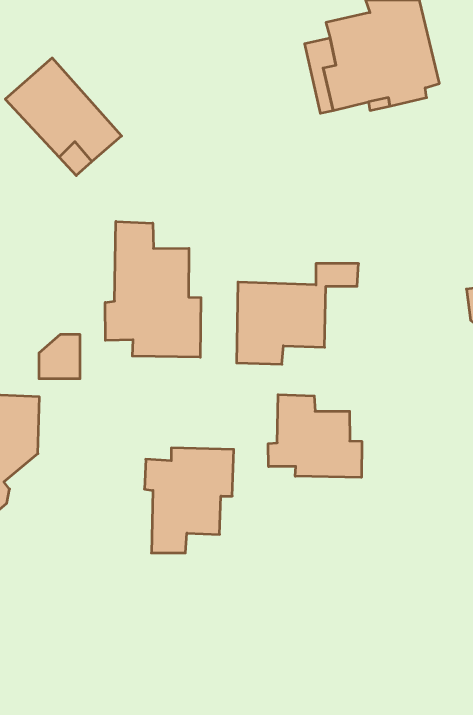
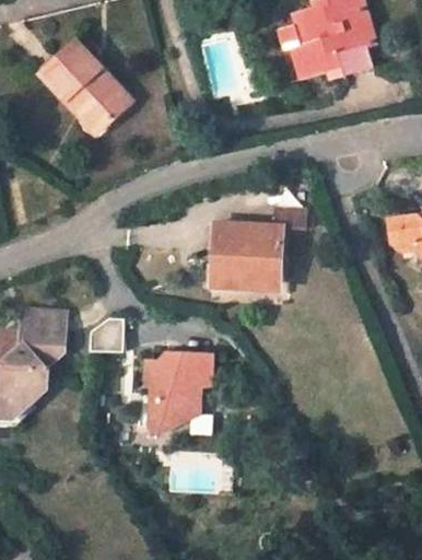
building: [105,221,201,357] -> none
building: [39,335,80,379] -> [93,315,125,349]
building: [268,395,362,477] -> none

